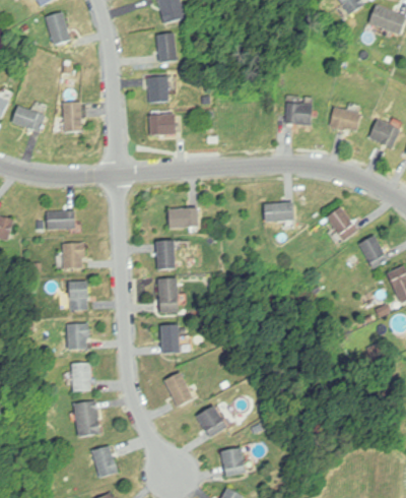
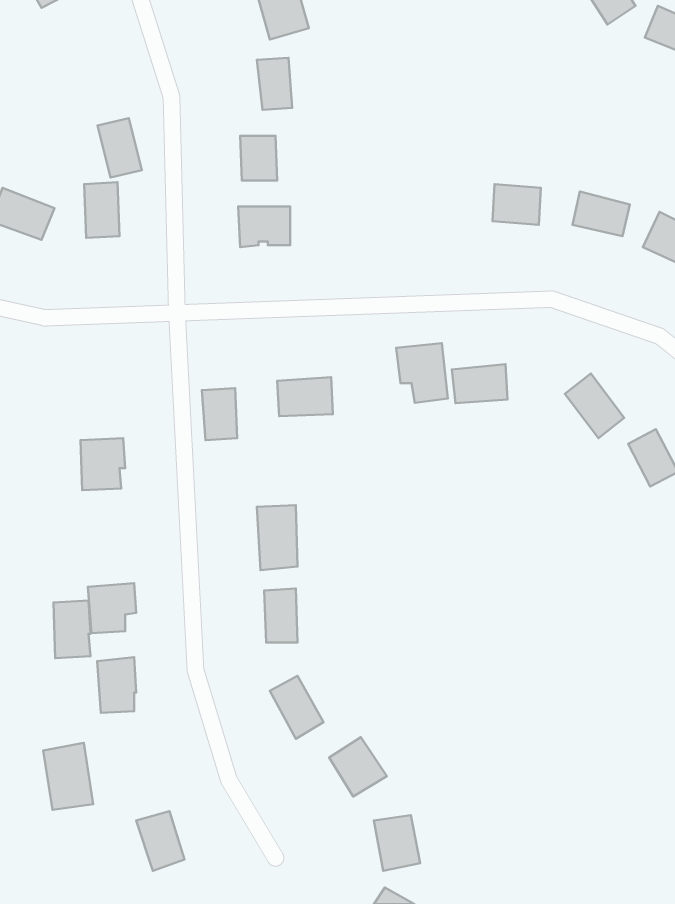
building: [45,10,69,43] -> [97,118,142,178]
building: none -> [396,343,448,403]
building: [45,209,75,229] -> none
building: [154,241,174,269] -> [202,388,237,440]
building: [67,279,87,311] -> [53,601,90,658]
building: [74,399,101,436] -> [43,743,93,810]

